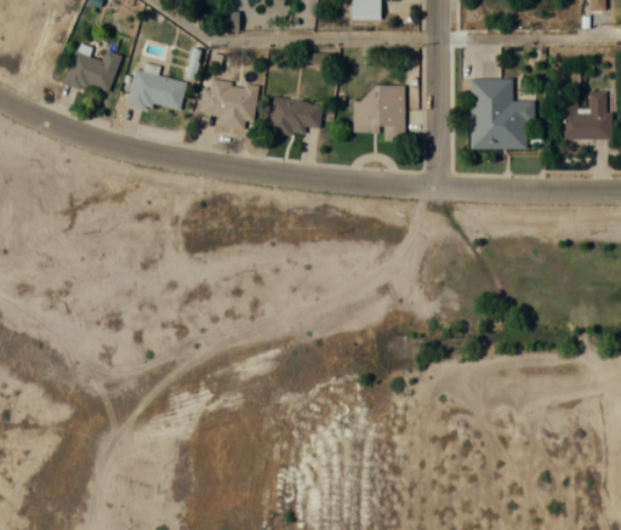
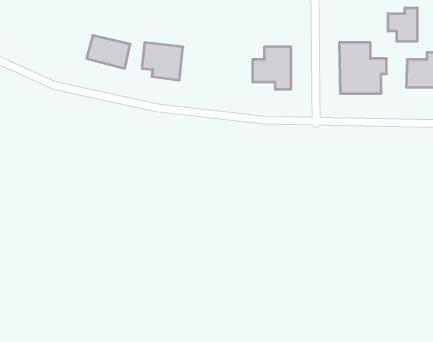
building: none -> [388,8,417,41]
building: [65,42,123,96] -> none
building: [268,98,323,137] -> none

